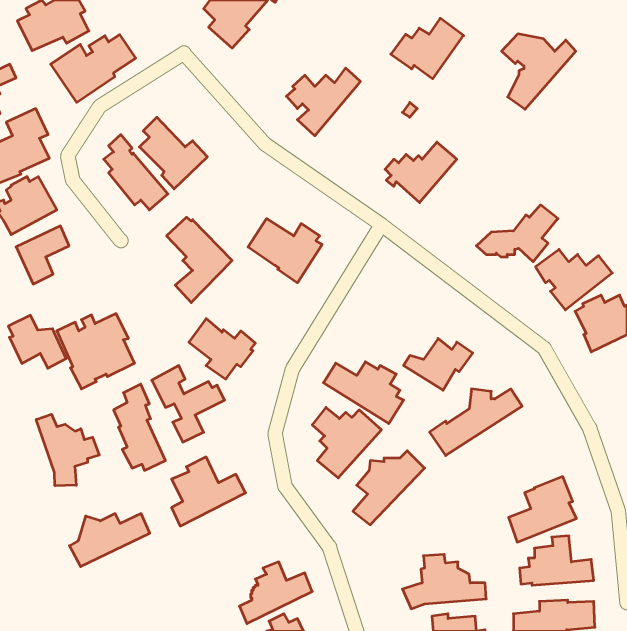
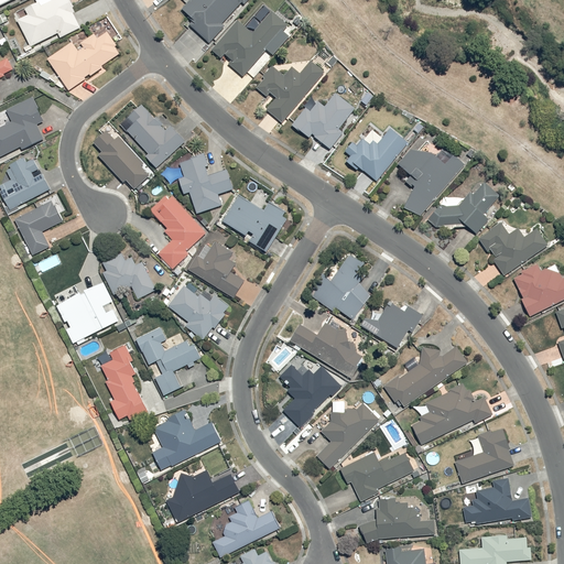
building: none -> [209,11,286,78]
building: [391,18,464,79] -> [291,93,356,147]
building: [502,34,576,109] -> [398,149,464,216]
building: none -> [178,154,232,213]
building: none -> [187,240,243,301]
building: none -> [310,252,375,321]
building: [8,315,66,368] -> [101,251,153,299]
building: [36,414,99,486] -> none
building: none -> [411,382,492,445]
building: none -> [340,452,414,500]
building: [69,514,150,567] -> [166,473,238,520]

